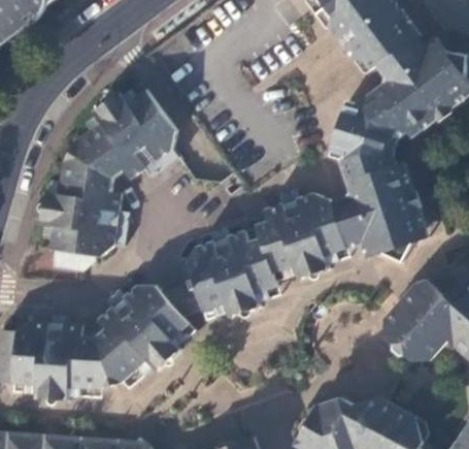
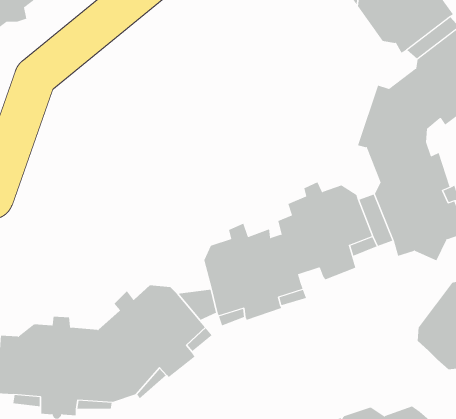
building: [39,89,177,271] -> none

